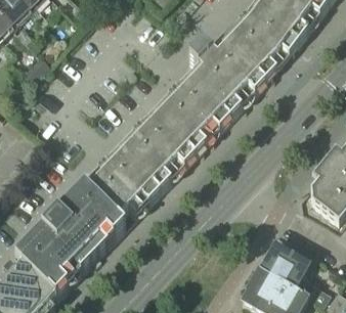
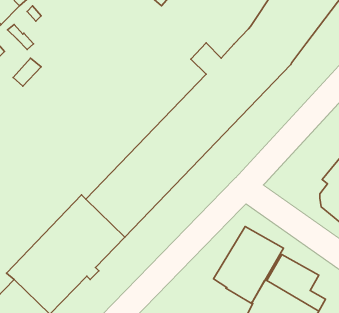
building: none -> [214,226,283,303]

